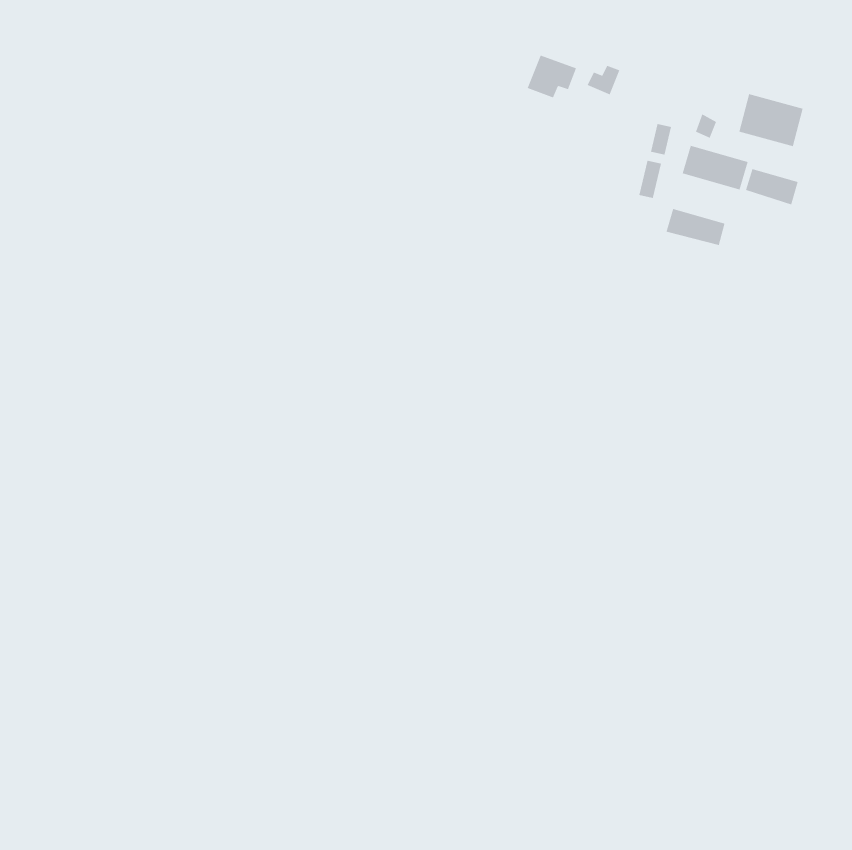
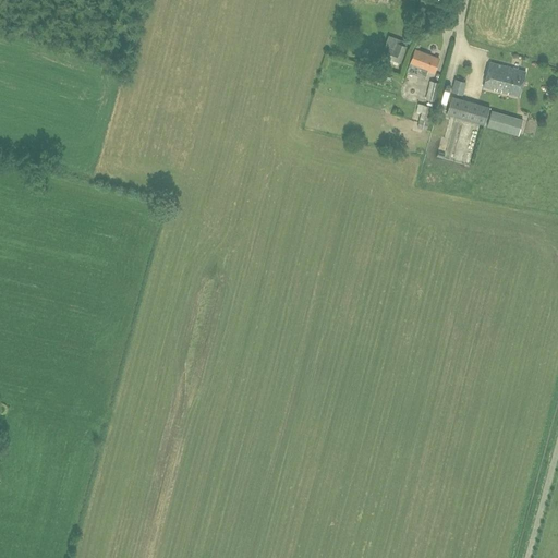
building: [527,55,577,98] -> [407,49,439,77]
building: [666,208,725,246] -> none

